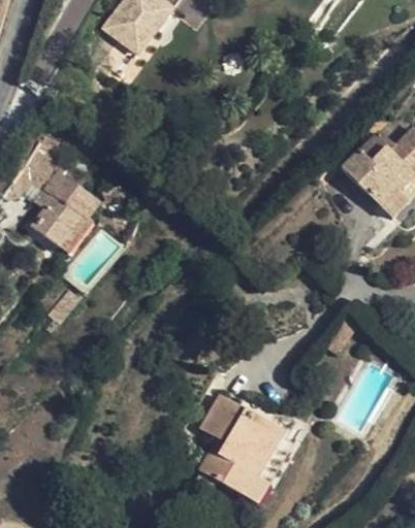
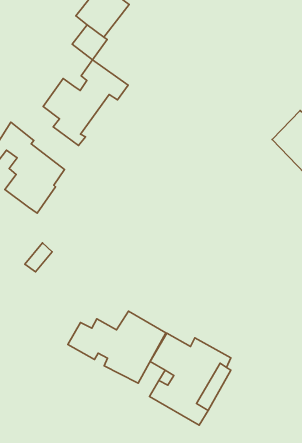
building: none -> [43,60,128,145]
building: none -> [68,311,166,383]

